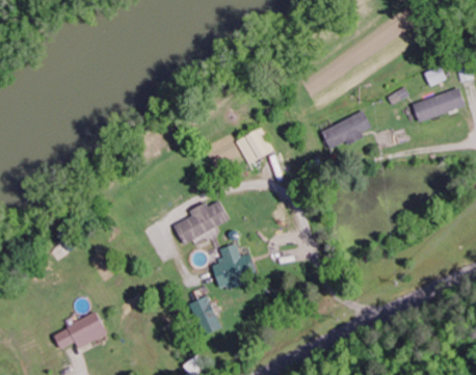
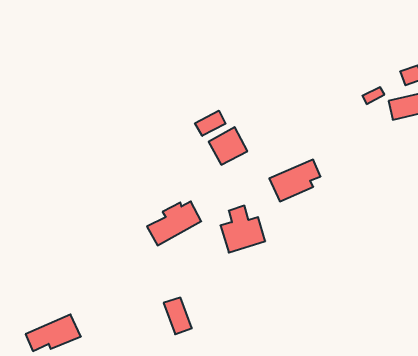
building: none -> [195,111,226,136]
building: [321,111,372,153] -> [269,160,321,201]
building: [211,243,256,290] -> [220,206,265,253]

